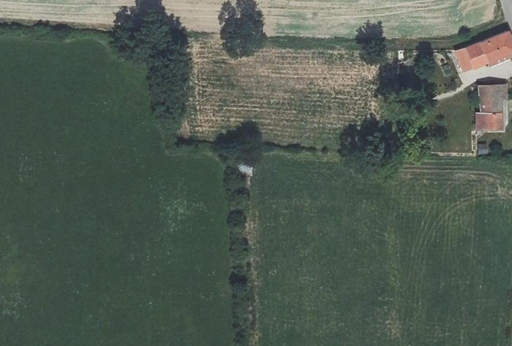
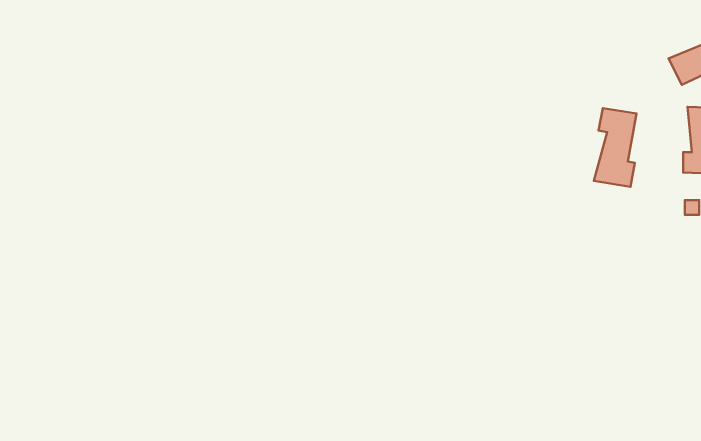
building: none -> [594,108,637,187]

